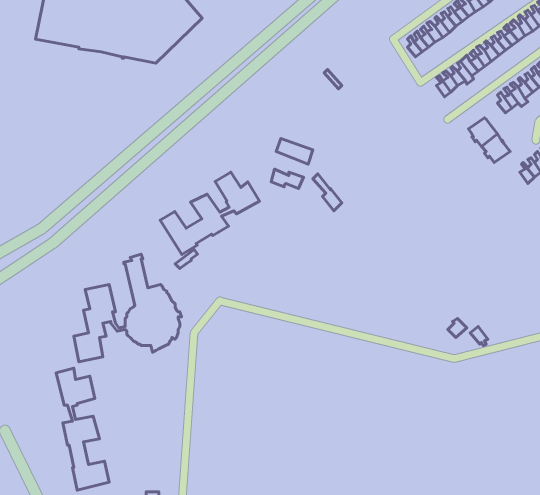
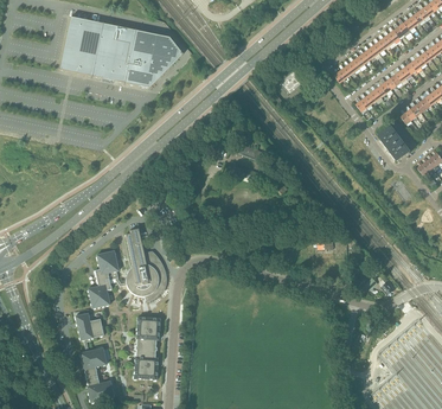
building: [160,172,260,255] -> none
building: none -> [134,315,161,379]

